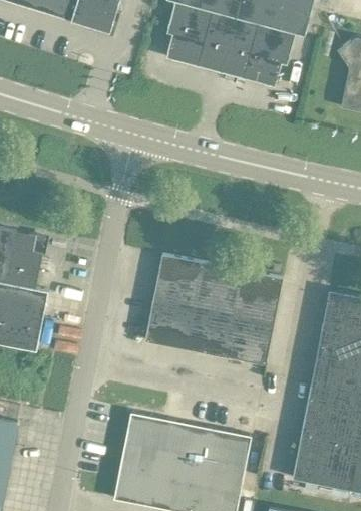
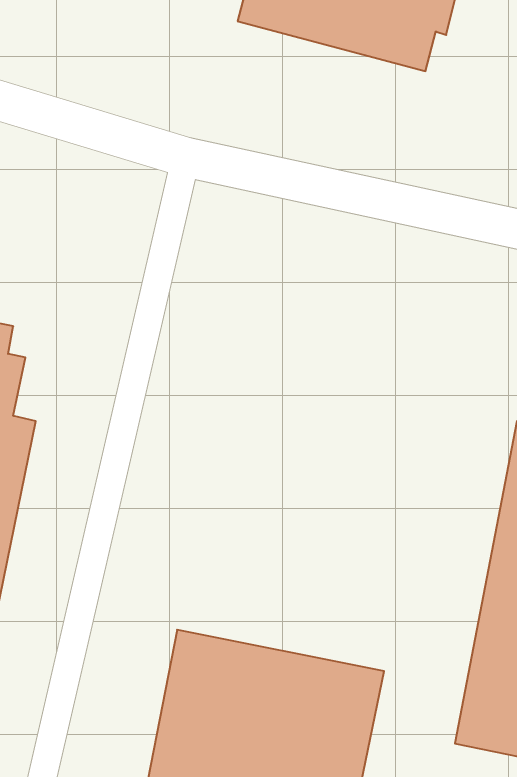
building: [144,254,282,364] -> none

